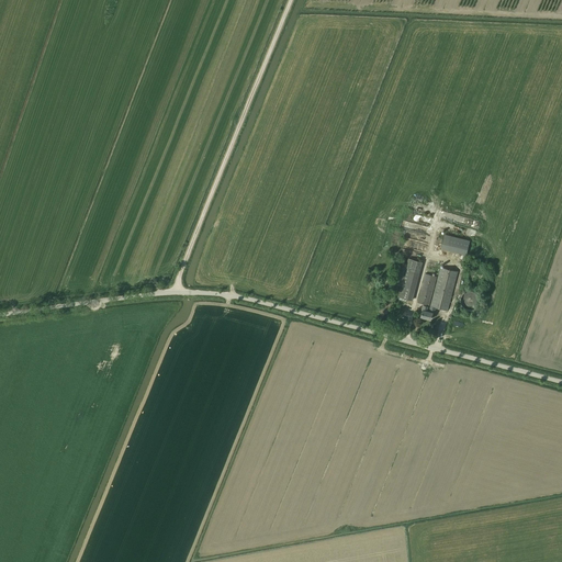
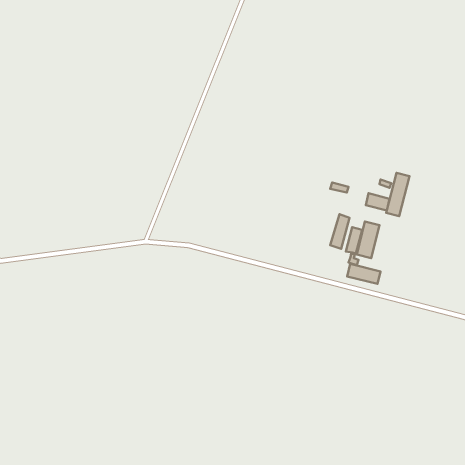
building: none -> [386,173,409,216]
building: none -> [347,264,381,284]

